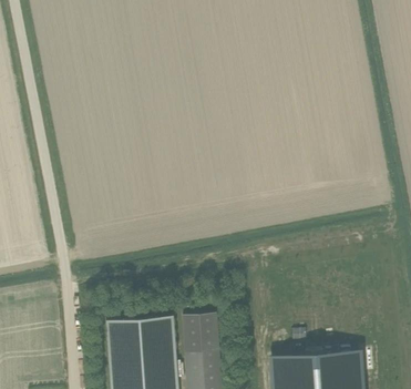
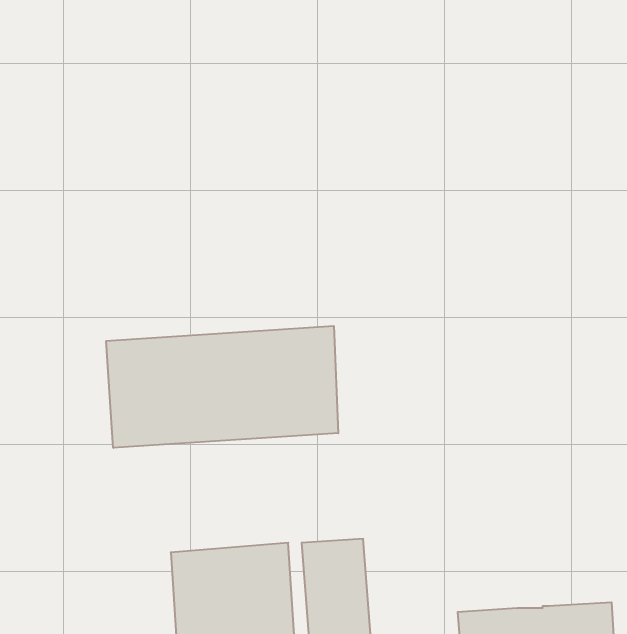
building: none -> [106,326,338,448]

